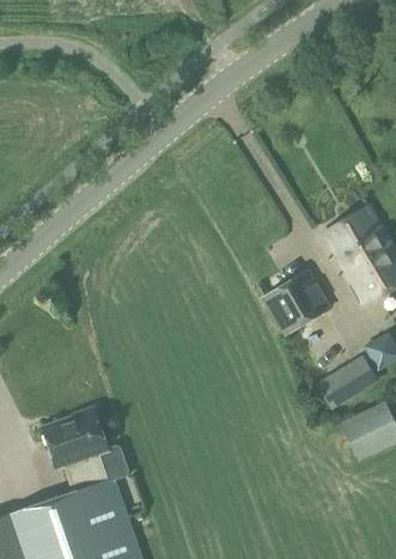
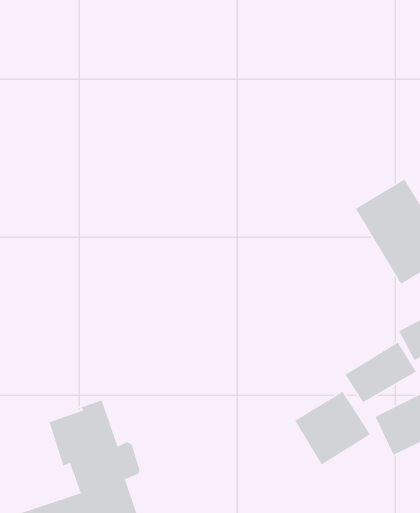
building: [262,271,330,338] -> none
building: none -> [294,391,371,465]

